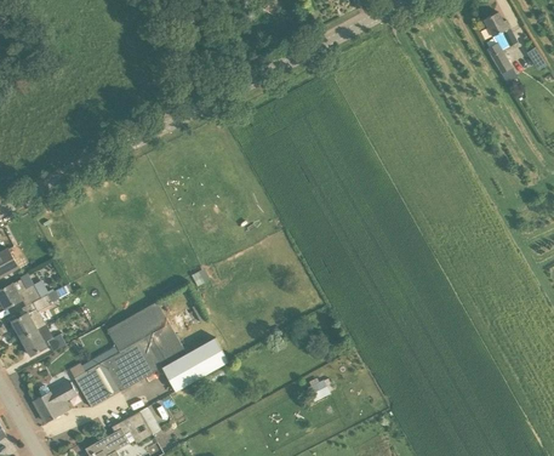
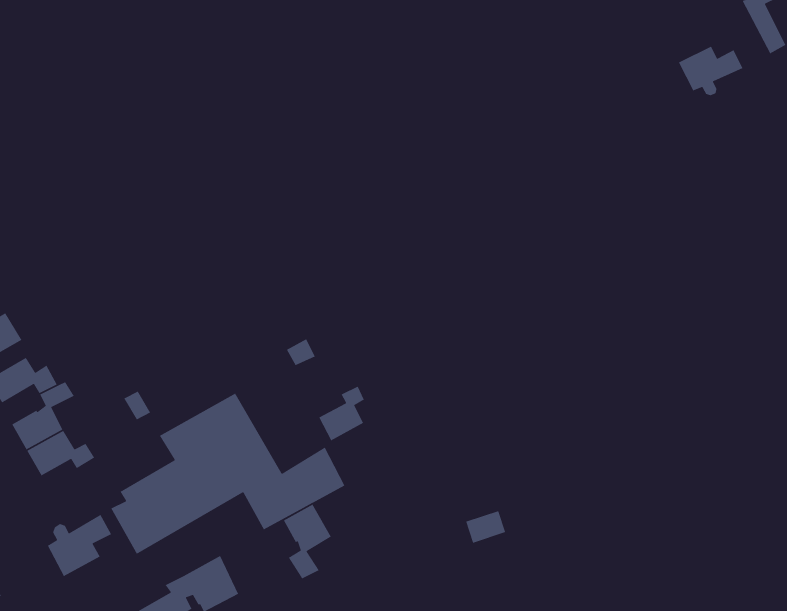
building: none -> [678,45,743,96]
building: none -> [318,386,365,441]
building: none -> [283,504,332,580]

